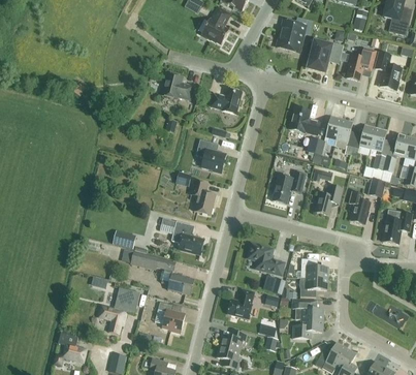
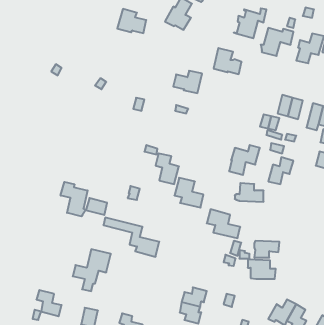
building: [161,73,193,100] -> [117,9,146,33]
building: [289,106,320,135] -> [214,48,242,74]
building: [195,139,226,174] -> none
building: [349,192,371,224] -> none
building: none -> [61,182,88,216]
building: [171,221,203,254] -> [174,178,203,208]
building: [295,258,327,279] -> [235,183,264,202]
building: [227,288,254,319] -> none
building: [155,302,185,334] -> none
building: [292,320,322,339] -> none

